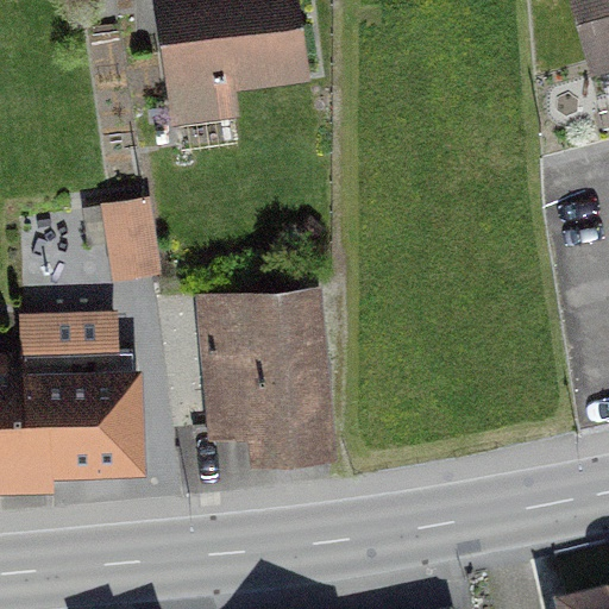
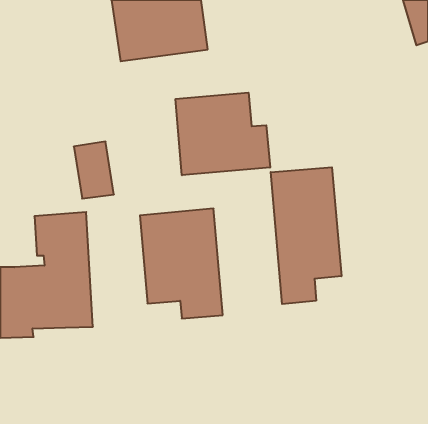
building: none -> [176,93,270,175]
building: none -> [271,167,341,304]

